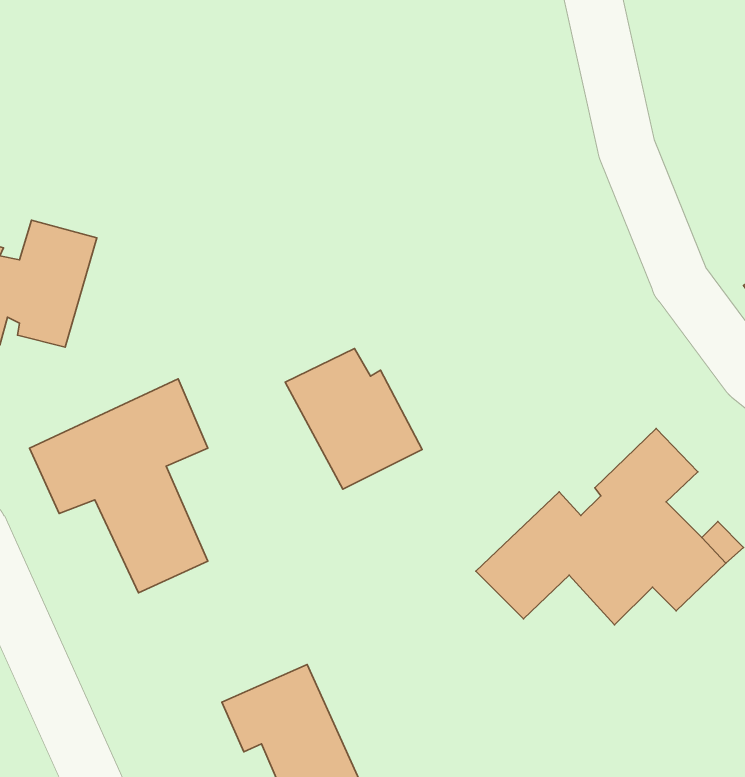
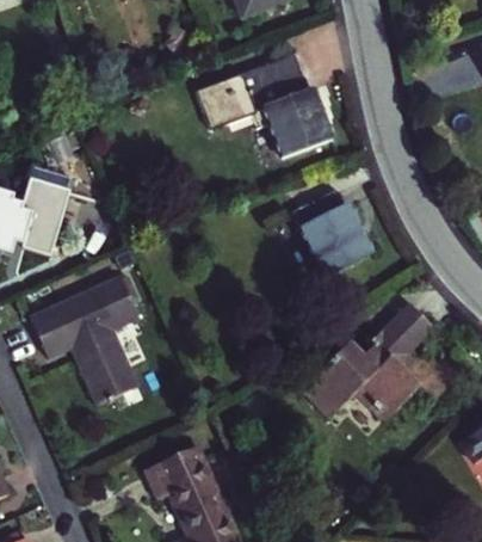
building: none -> [196,55,332,156]
building: [285,348,422,489] -> [291,191,373,276]

